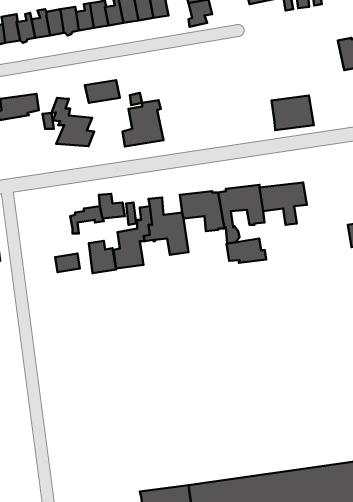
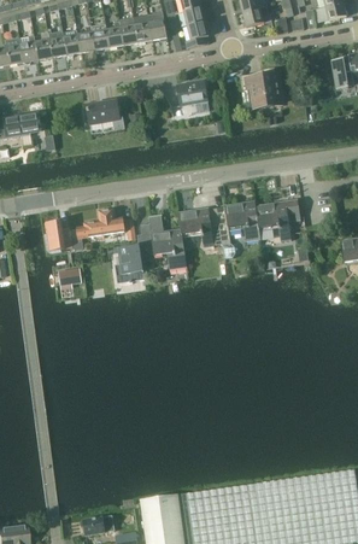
building: [272,95,314,130] -> [241,74,282,107]
building: [51,98,94,146] -> none
building: [122,100,163,146] -> [171,77,211,122]
building: [227,239,266,263] -> none
building: [89,241,116,273] -> [47,220,74,251]

